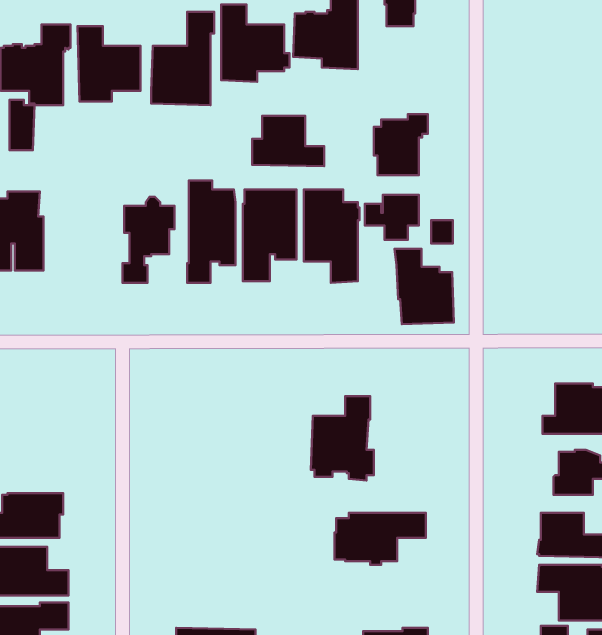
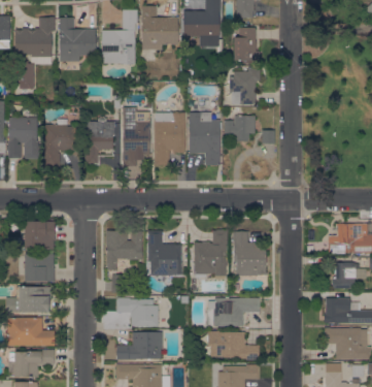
building: none -> [234,28,261,61]
building: [252,116,324,166] -> none
building: none -> [42,120,83,168]
building: [395,249,454,324] -> [233,232,267,276]
building: none -> [25,221,56,250]
building: none -> [106,230,143,270]
building: none -> [148,231,182,276]
building: none -> [25,254,55,282]
building: none -> [116,298,159,327]
building: none -> [204,331,260,359]
building: none -> [117,332,163,360]

